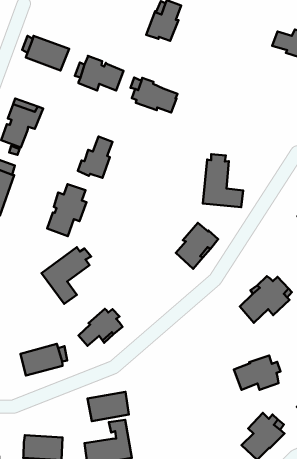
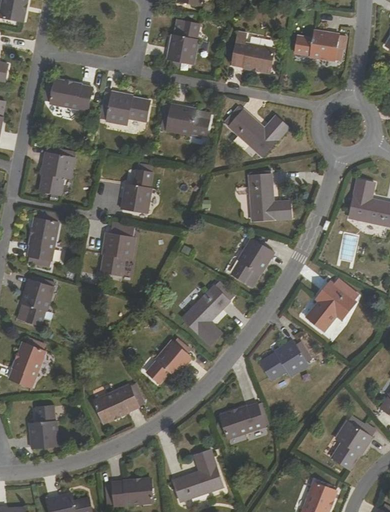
building: none -> [232,42,274,72]
building: none -> [227,110,287,157]
building: [41,247,91,304] -> [182,285,229,344]
building: [234,356,281,390] -> [260,340,307,379]
building: [87,392,129,421] -> [220,402,264,437]

